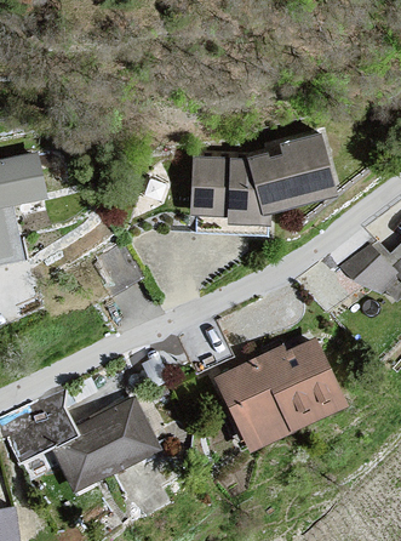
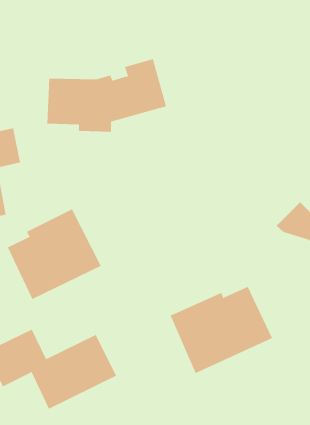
building: [193,135,336,222] -> [47,59,167,132]
building: none -> [7,209,101,300]

